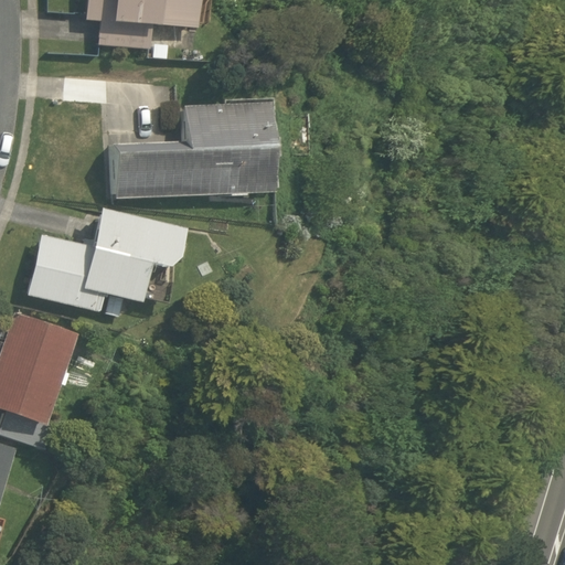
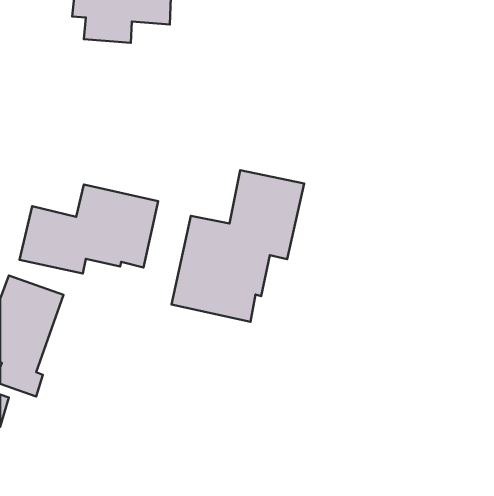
building: [116,102,274,200] -> none
building: none -> [172,170,304,322]

